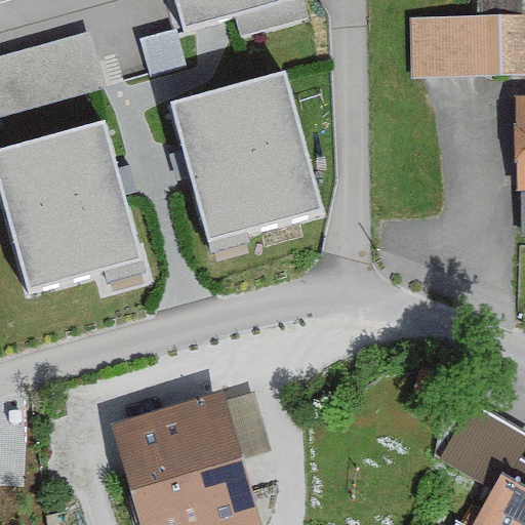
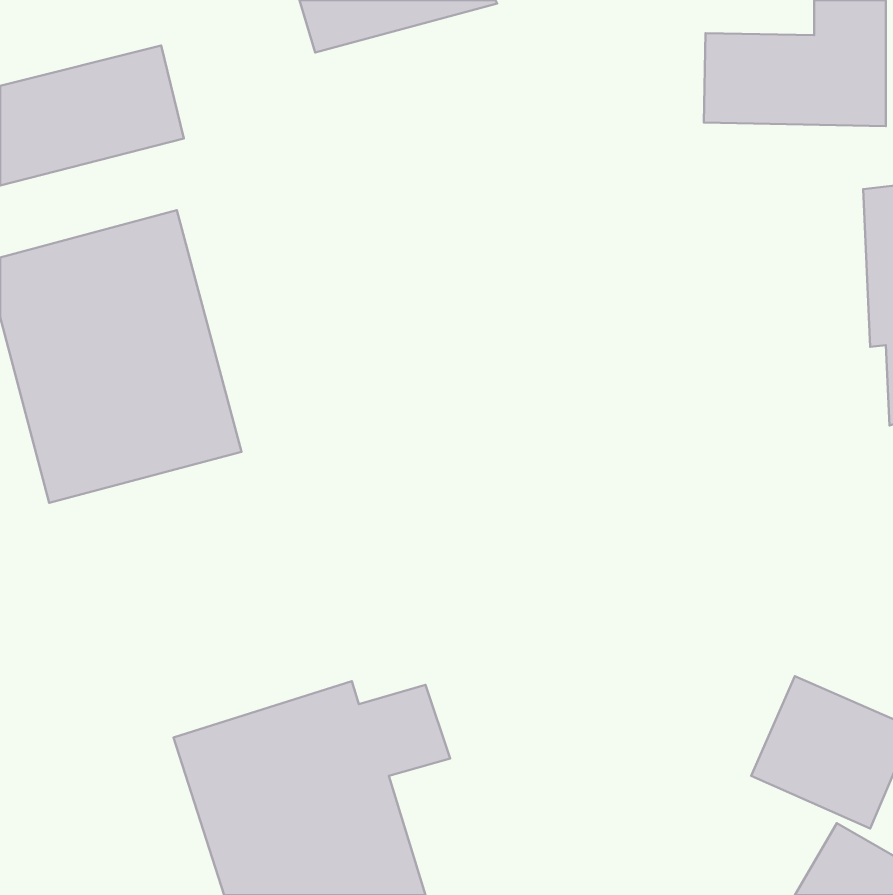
building: [171,74,321,243] -> none

